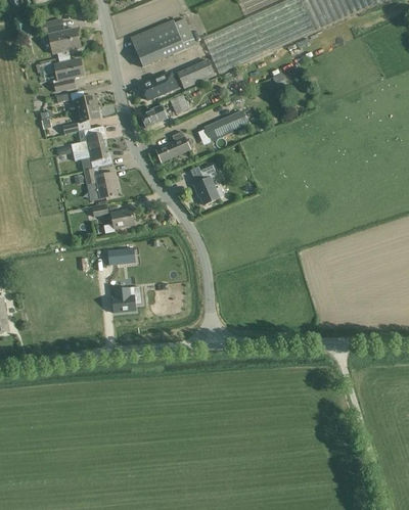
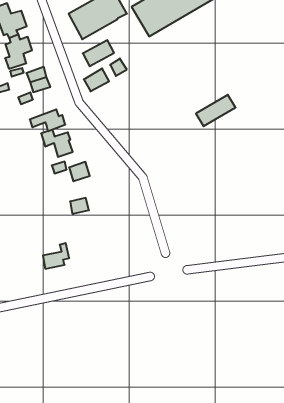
building: [176,58,214,88] -> none
building: [202,109,248,142] -> [196,95,236,126]
building: [70,125,106,152] -> none
building: [155,131,189,160] -> none
building: [192,165,223,204] -> none
building: [111,285,141,312] -> [43,243,69,269]

